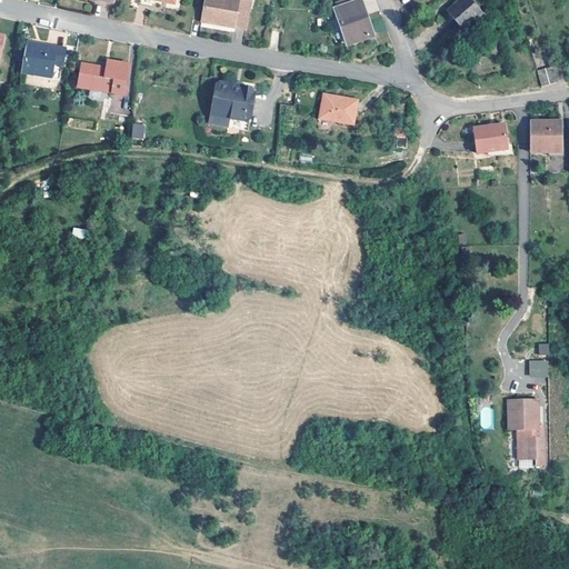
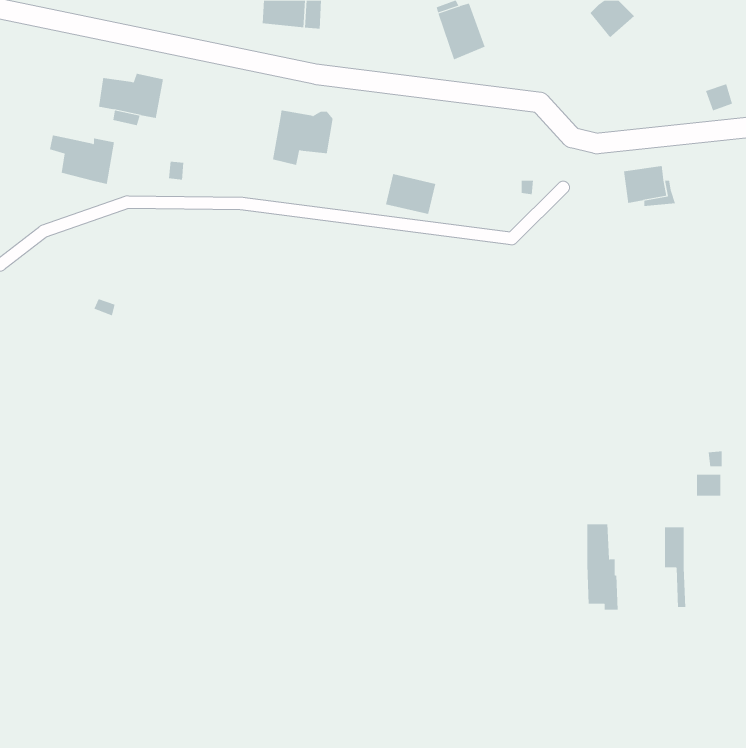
building: [11,38,61,76] -> [49,135,115,185]
building: [319,90,358,121] -> [385,174,436,215]
building: [531,121,562,152] -> none
building: [521,400,546,466] -> [586,524,619,610]

